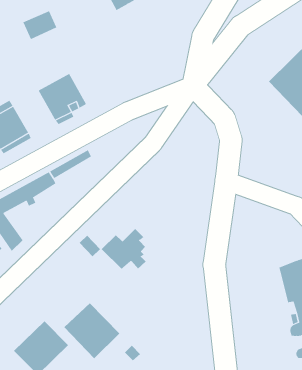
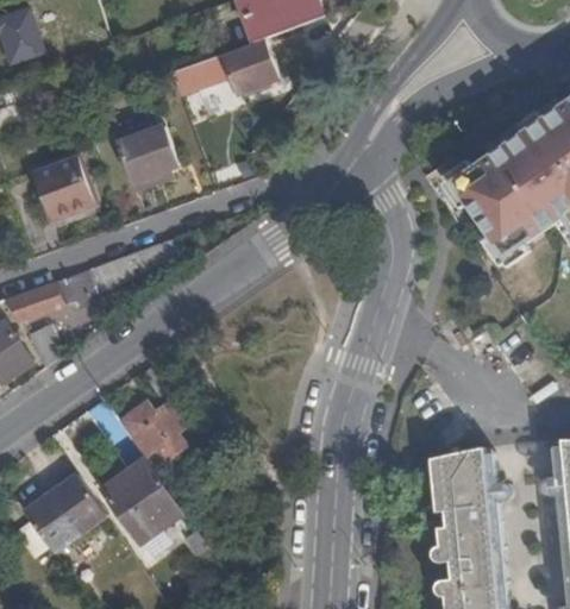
building: none -> [227,36,287,90]
building: [23,11,57,40] -> [173,58,221,96]
building: [101,228,146,270] -> [119,400,184,460]

